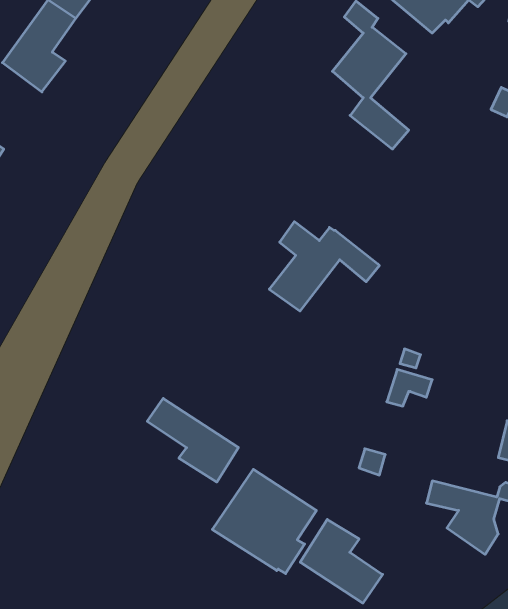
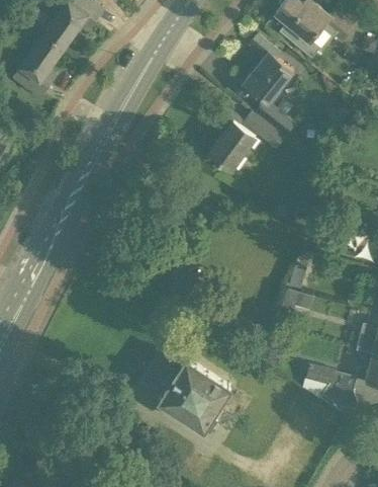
building: [269,222,379,311] -> [208,108,284,170]
building: [147,398,238,482] -> none
building: [300,519,383,603] -> none

